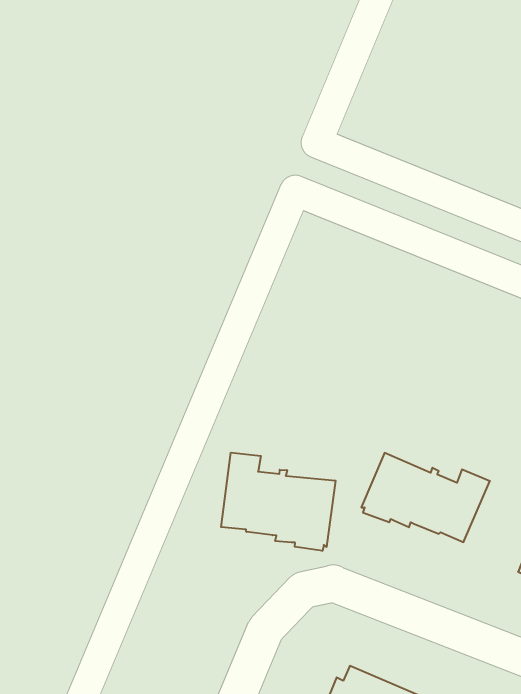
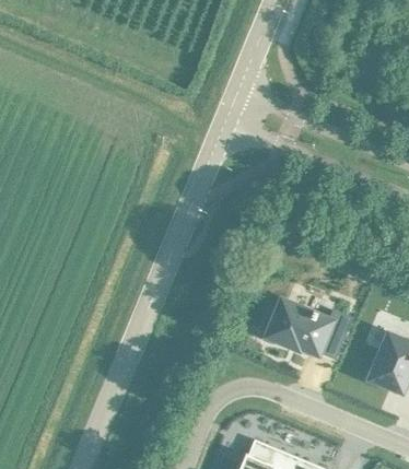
building: [221,453,336,551] -> none

